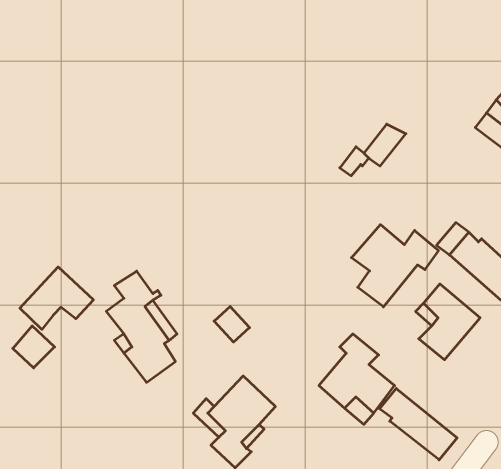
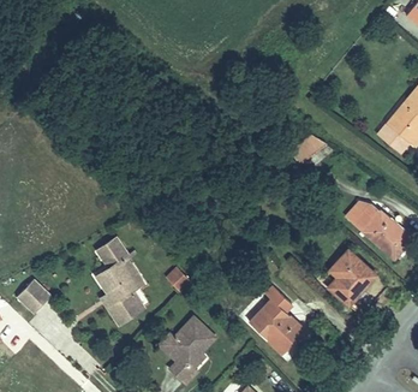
building: [351,225,438,307] -> none
building: [20,267,93,329] -> none
building: [379,388,457,460] -> none

